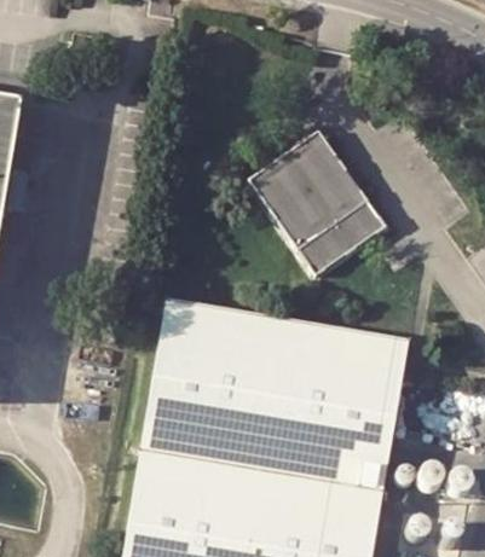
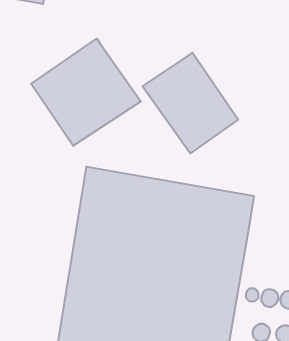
building: none -> [31,39,141,146]

